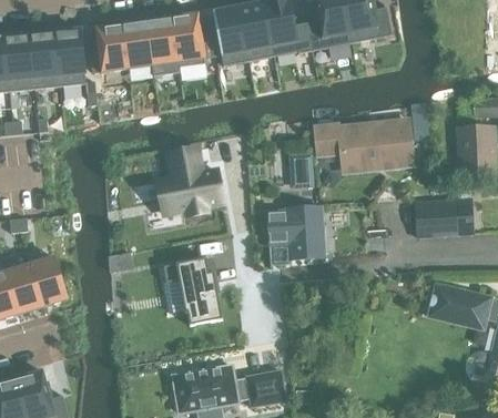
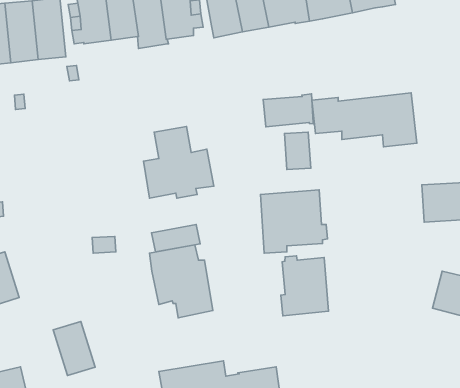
building: none -> [263,94,313,127]
building: none -> [152,225,200,252]
building: [29,256,68,306] -> [53,322,95,375]
building: none -> [281,256,329,316]

